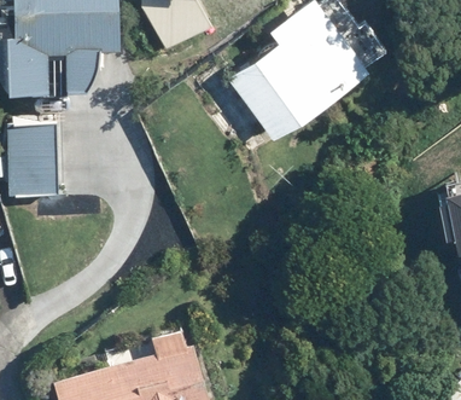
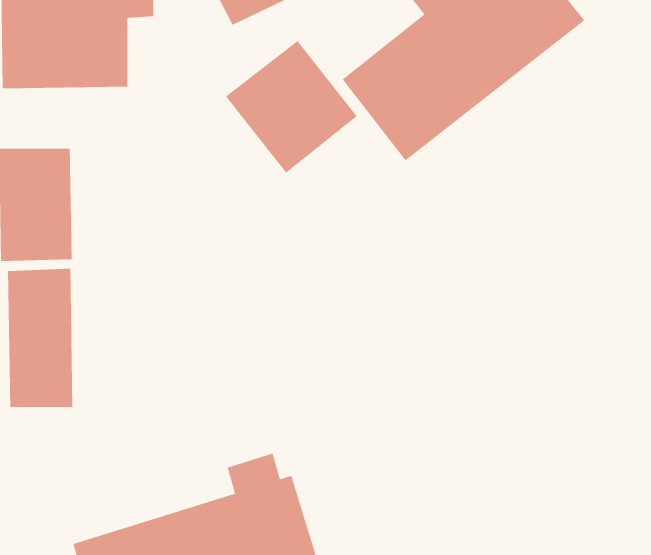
building: none -> [225,40,357,174]
building: none -> [8,268,73,408]

